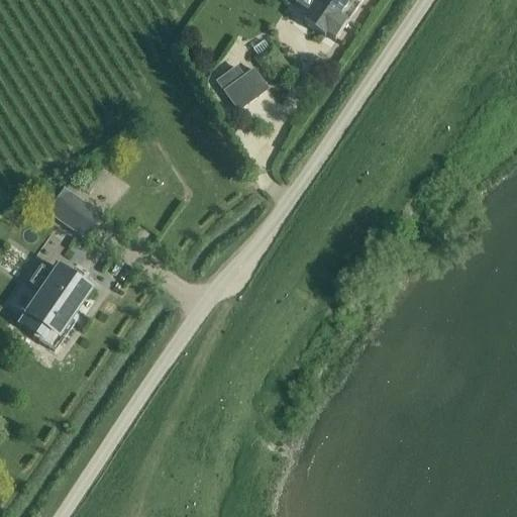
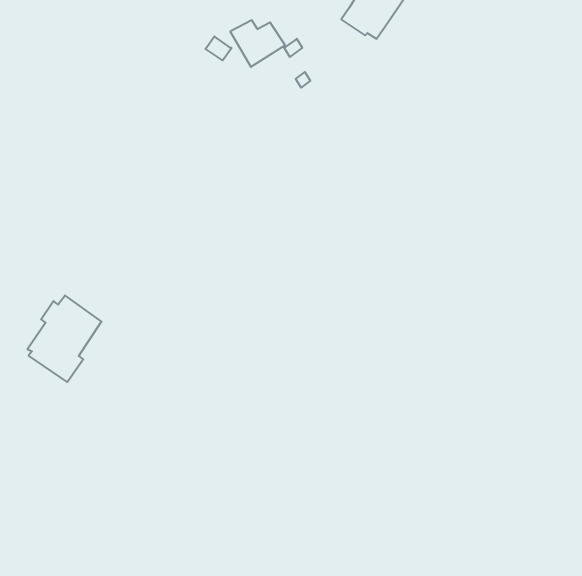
building: [219,68,268,109] -> [230,20,285,67]
building: [48,186,99,232] -> none

